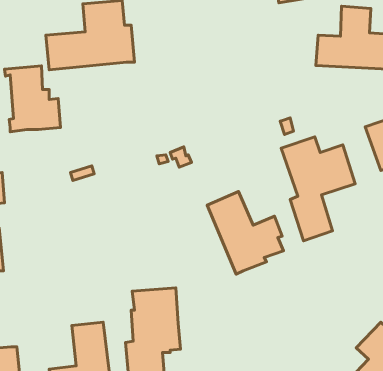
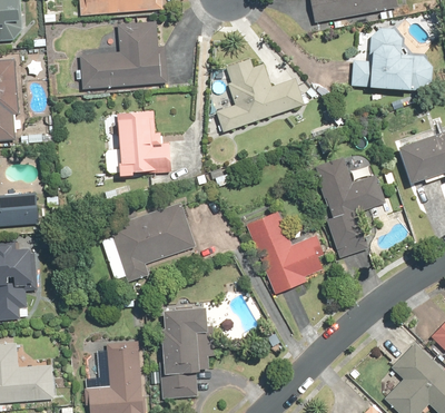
building: none -> [209,59,297,132]
building: [5,66,61,132] -> [117,110,172,176]
building: none -> [102,203,196,283]

